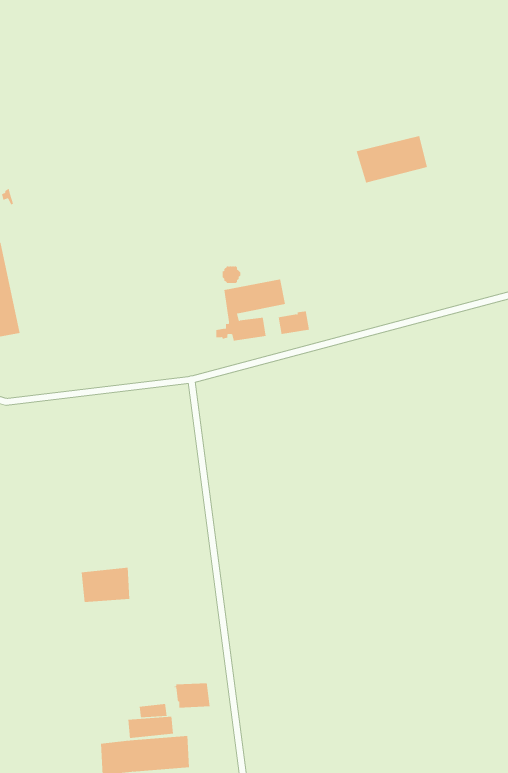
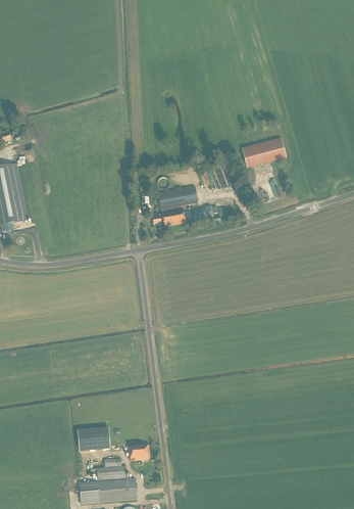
building: [356,135,428,183] -> [240,137,286,168]
building: [81,567,130,602] -> [77,427,108,450]

